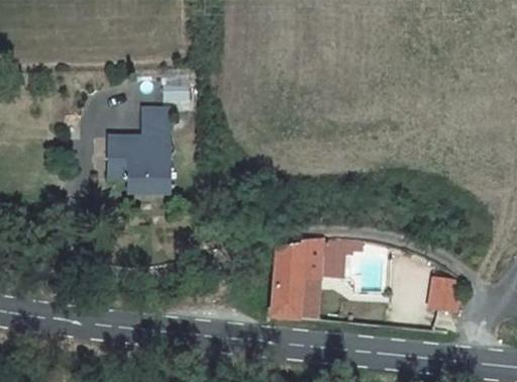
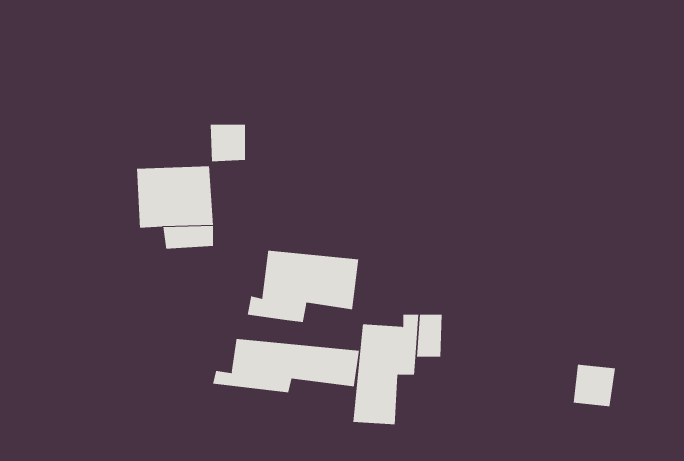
building: none -> [247,250,359,323]
building: none -> [212,338,360,393]

